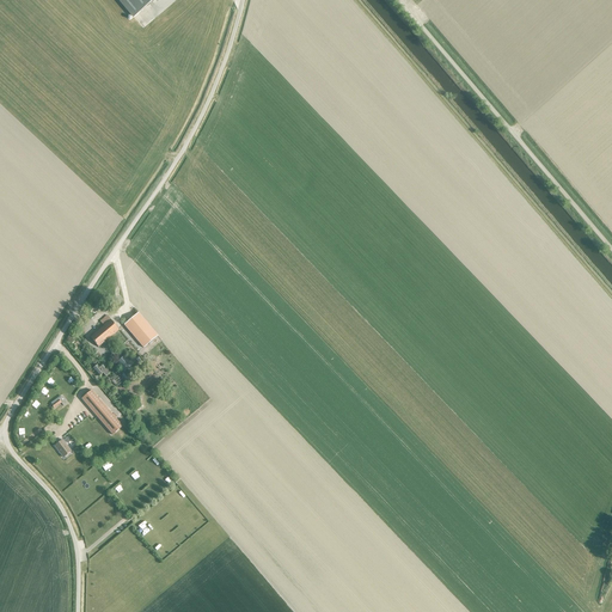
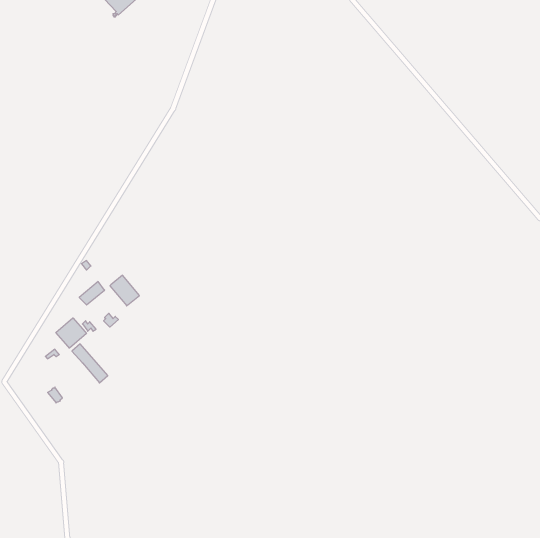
building: none -> [56,318,86,348]

